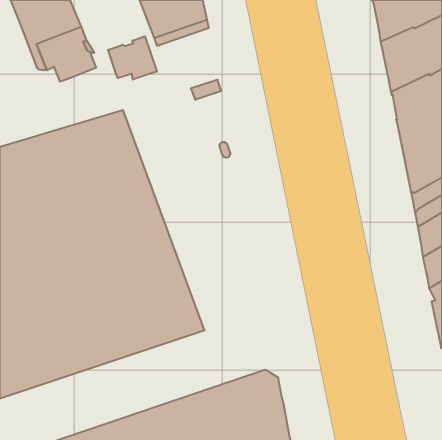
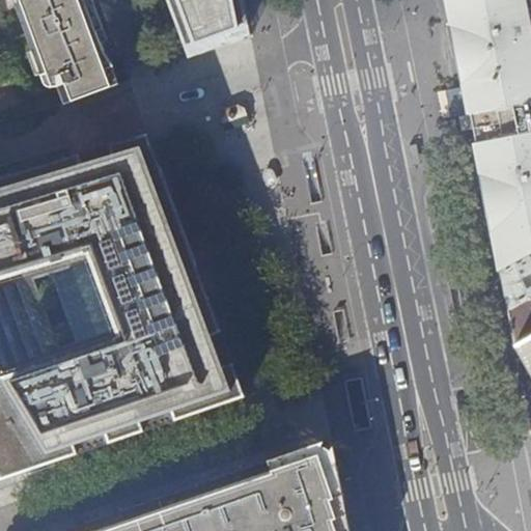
building: [108,36,157,80] -> none

